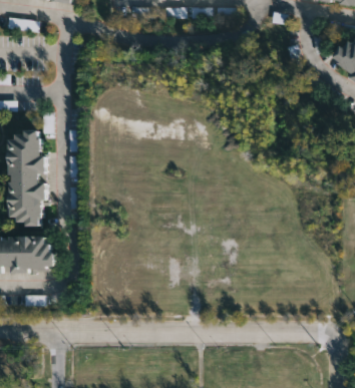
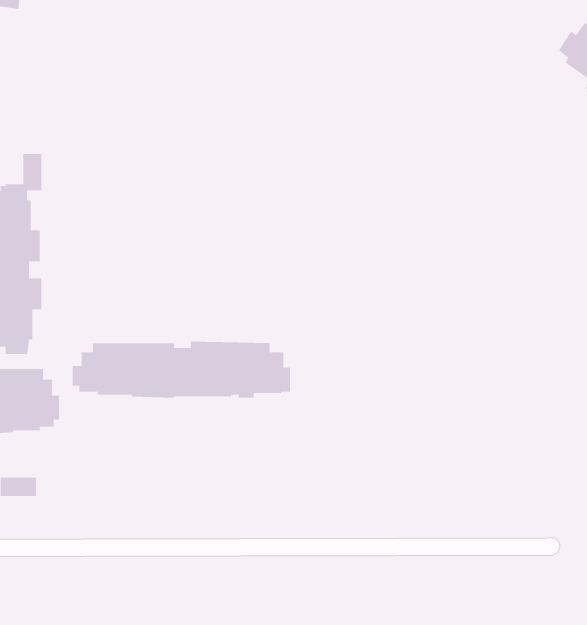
building: none -> [72,341,291,399]

